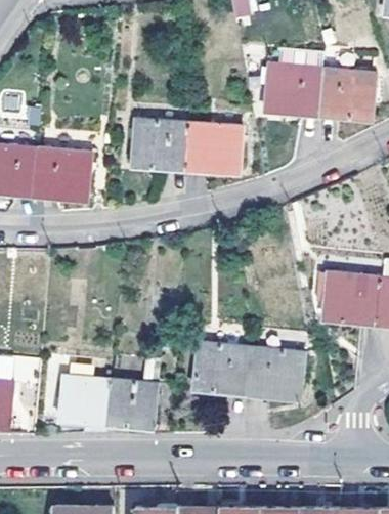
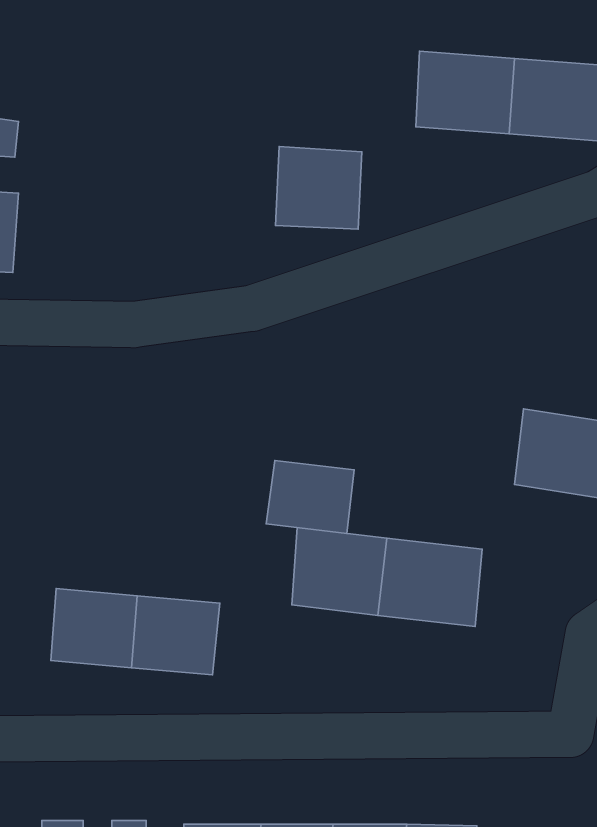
building: [133,119,188,167] -> none
building: [37,148,92,197] -> none
building: none -> [266,460,354,533]

